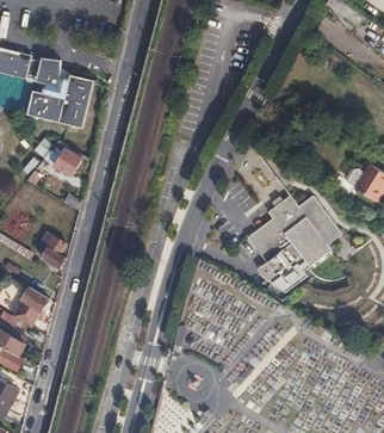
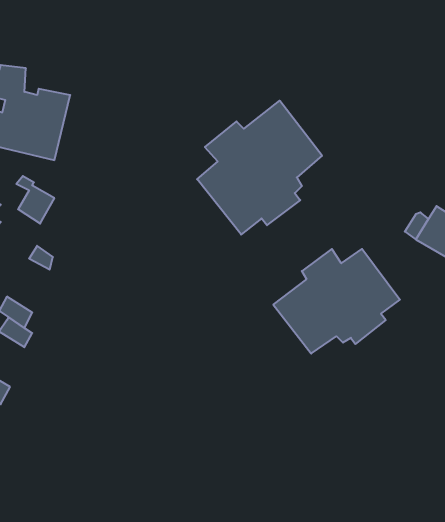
building: none -> [197,101,322,235]

